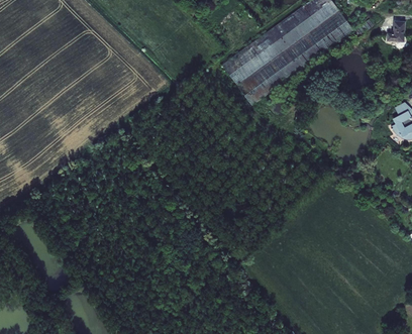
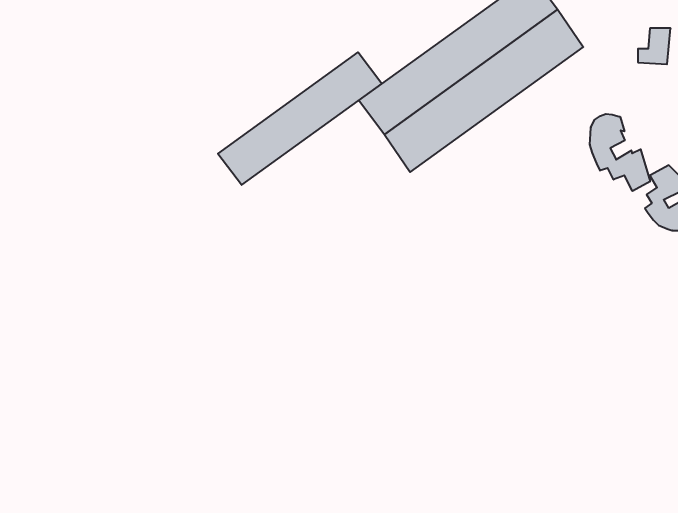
building: none -> [218,52,382,185]
building: none -> [590,114,650,191]

